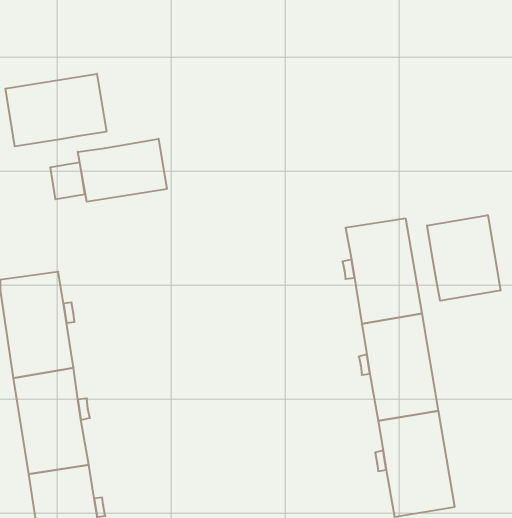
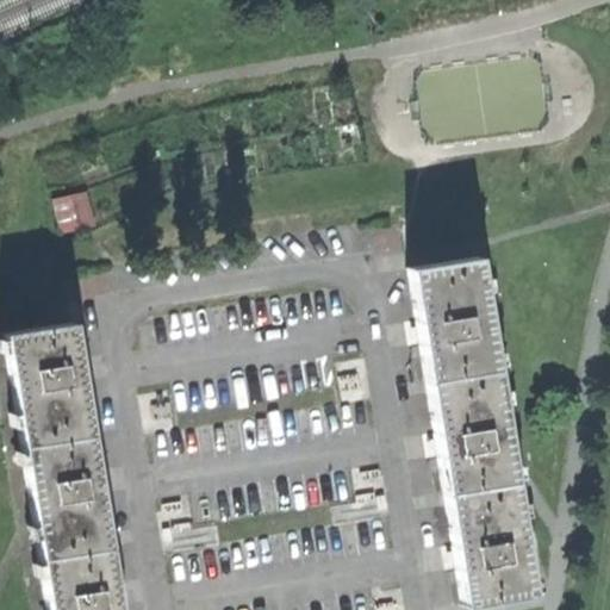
building: [5,74,106,146] -> none
building: [78,139,167,202] -> none
building: [427,215,501,301] -> none

